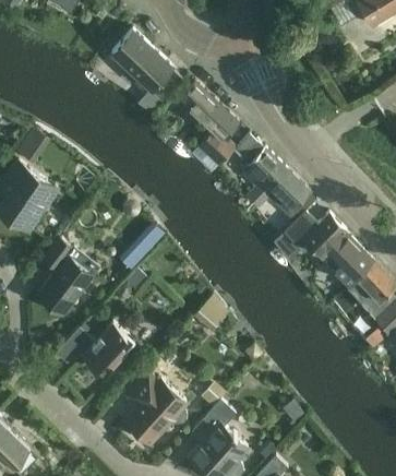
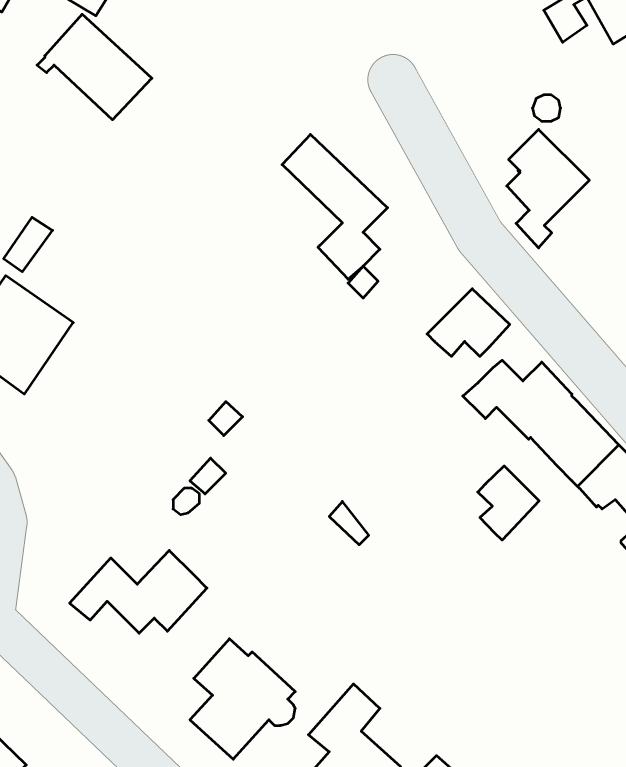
building: [106,29,172,91] -> [37,14,152,120]
building: [240,141,288,210] -> [507,129,589,248]
building: [36,239,99,317] -> none
building: none -> [478,466,539,540]

